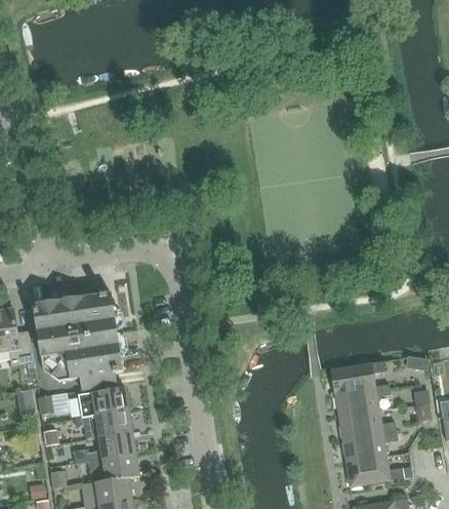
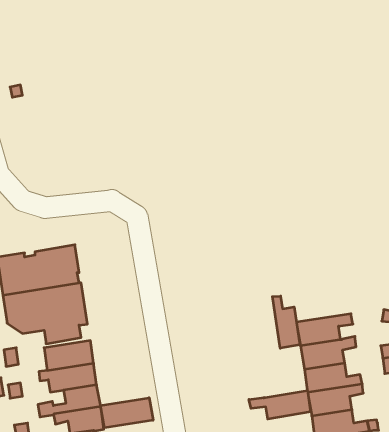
building: none -> [272,296,300,348]
building: none -> [249,391,311,419]
building: none -> [101,398,153,428]

